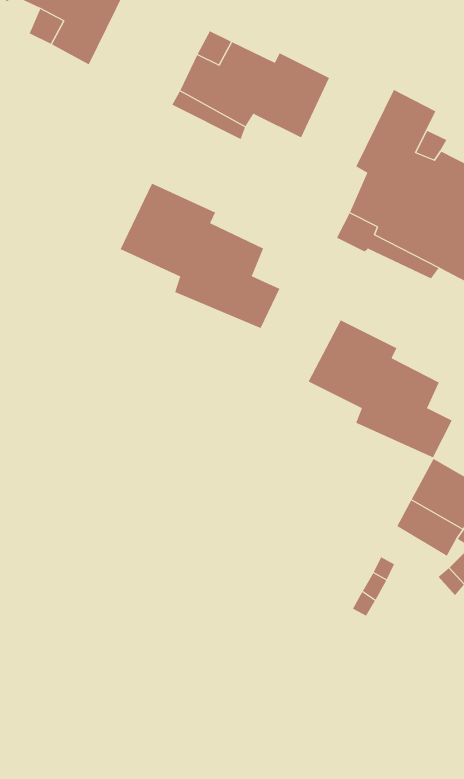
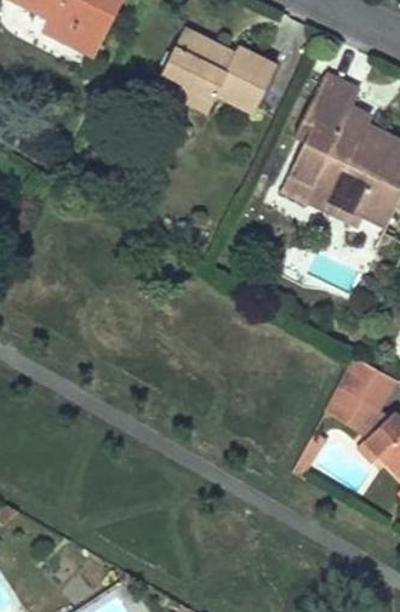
building: [120,183,280,329] -> none
building: [308,320,453,458] -> none

